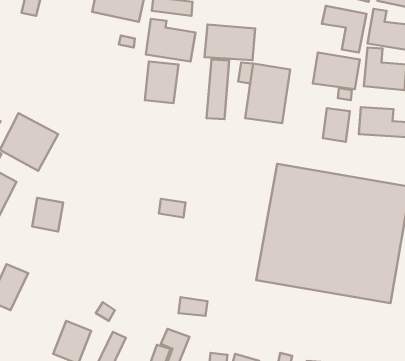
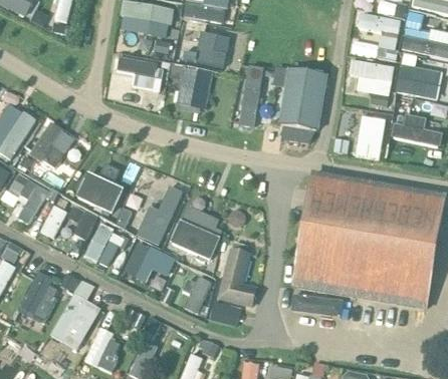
building: [205,25,255,60] -> none
building: none -> [116,58,162,89]
building: none -> [75,172,125,215]
building: none -> [137,184,182,245]
building: none -> [39,205,67,240]
building: none -> [171,221,221,261]
building: none -> [84,224,119,268]
building: none -> [127,244,165,279]
building: none -> [215,248,260,310]
building: none -> [183,277,211,315]
building: none -> [49,280,101,350]

